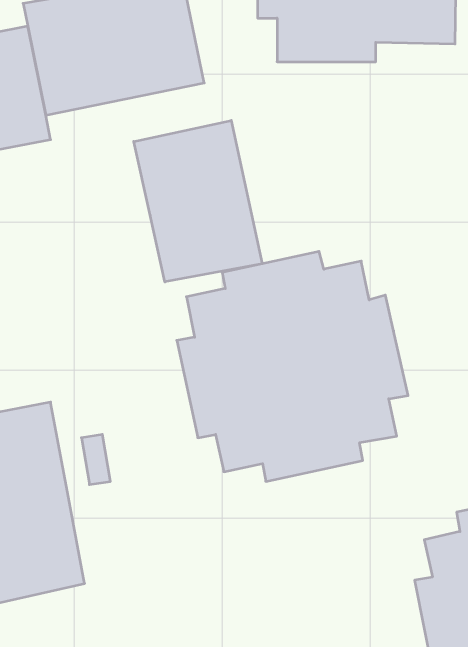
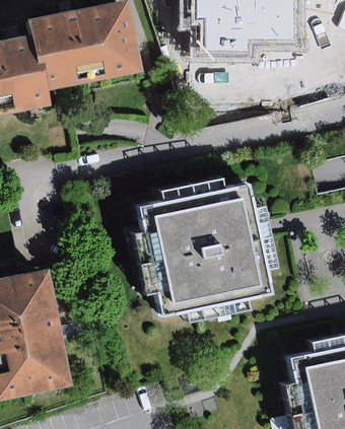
building: [134,120,262,282] -> none

